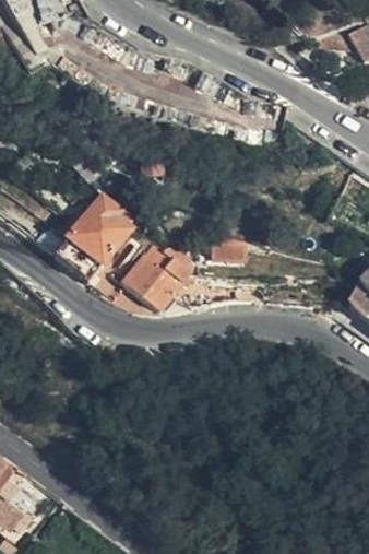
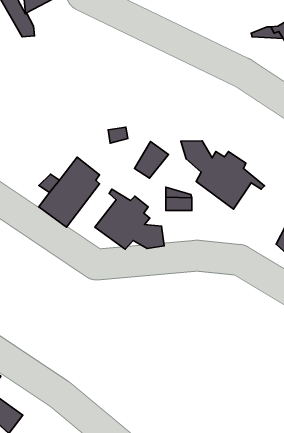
building: none -> [181,141,264,209]
building: none -> [135,142,168,178]

